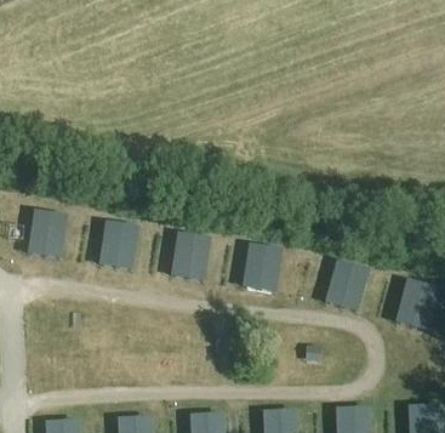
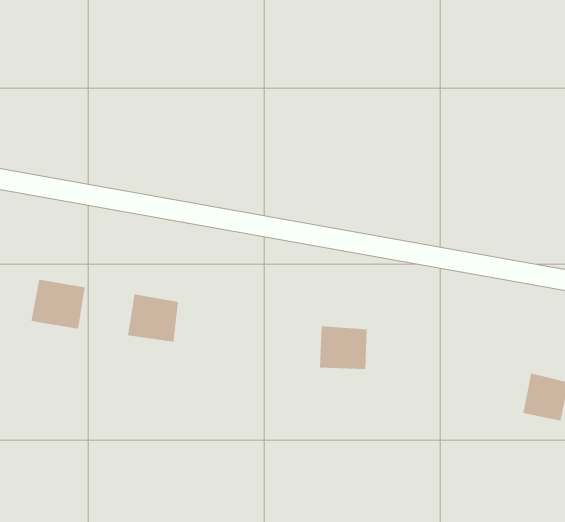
building: [171,241,211,278] -> none
building: [326,268,367,307] -> none

